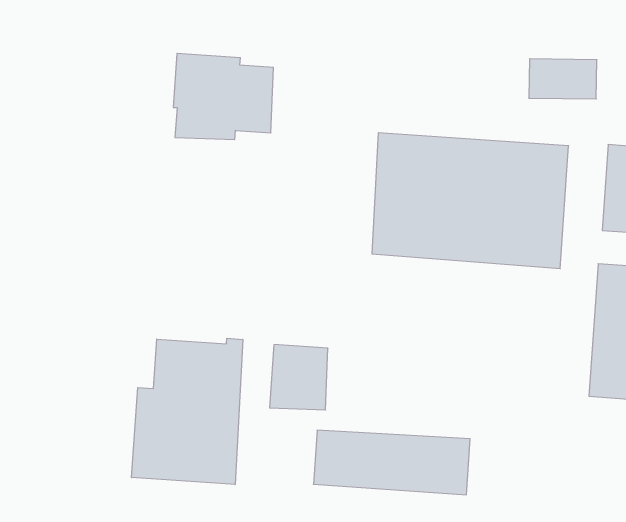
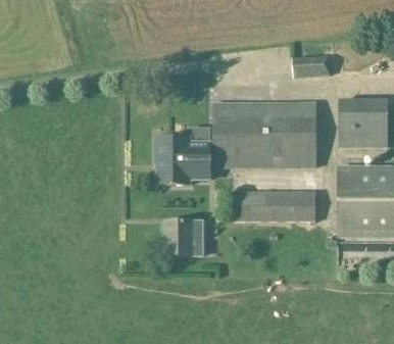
building: [173,53,273,140] -> [155,138,209,184]
building: [132,338,243,485] -> none
building: [313,430,470,495] -> [232,190,315,220]

